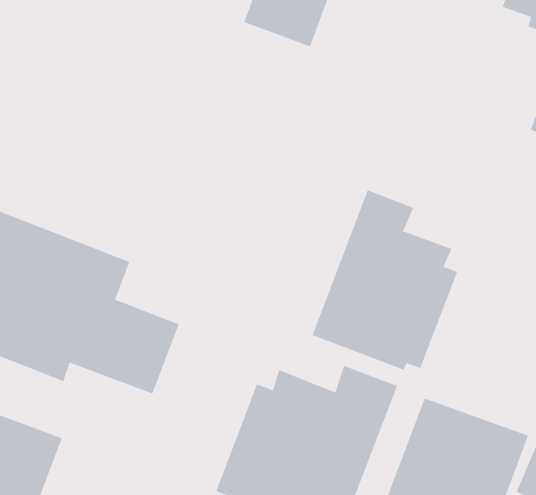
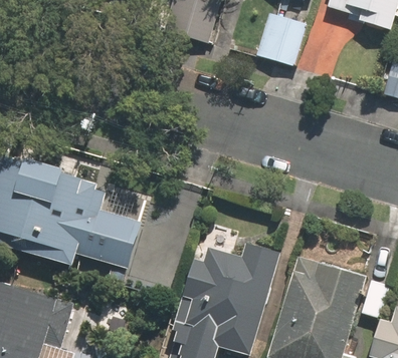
building: none -> [256,13,306,66]
building: [312,190,458,371] -> none

